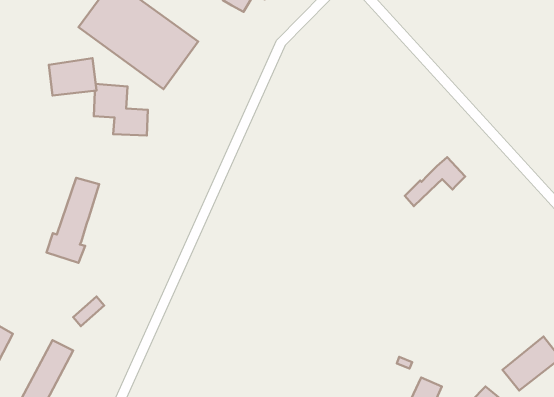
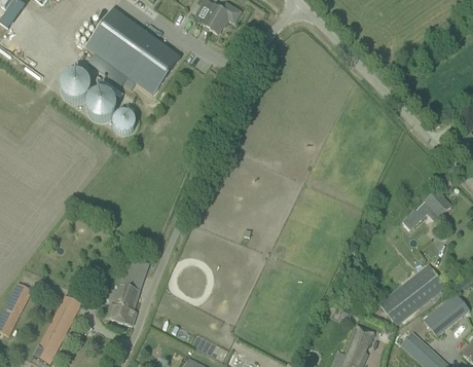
building: [405,157,465,206] -> [402,190,450,229]
building: [46,178,99,263] -> [106,257,148,325]
building: none -> [378,263,447,325]

